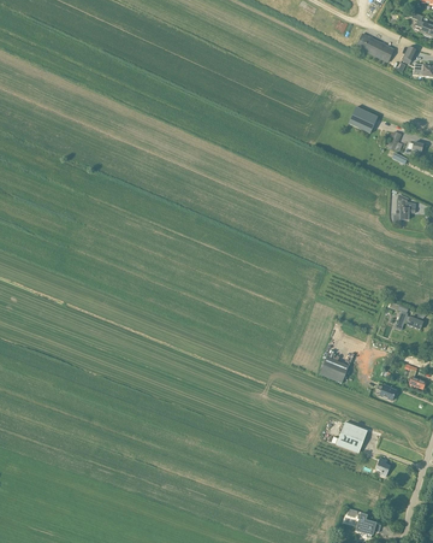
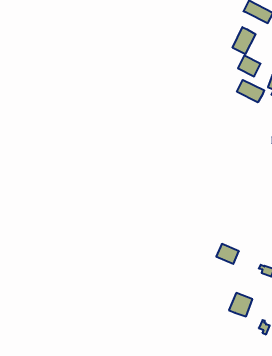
building: none -> [233,27,256,54]
building: none -> [237,80,264,102]

